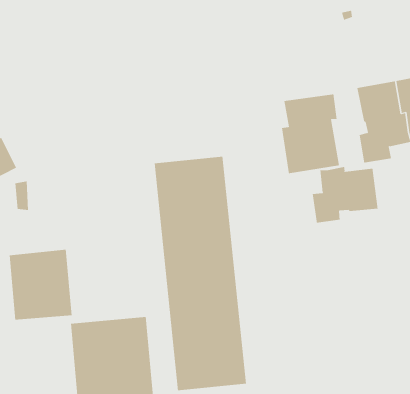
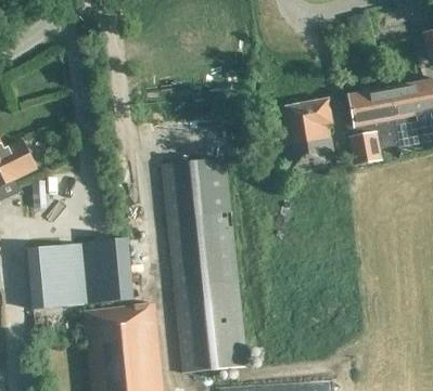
building: [312,166,378,224] -> none
building: none -> [84,238,132,302]

